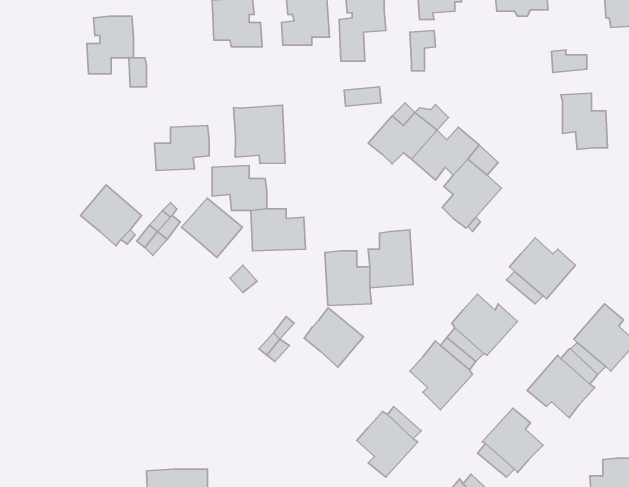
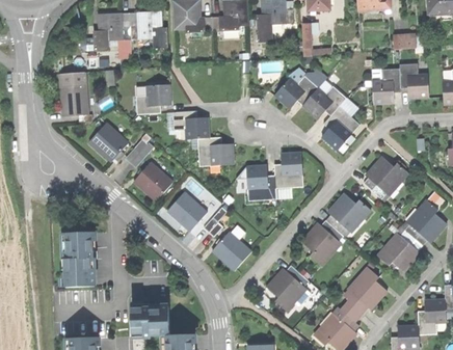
building: none -> [137,11,167,48]
building: none -> [372,68,401,104]
building: [234,105,285,164] -> none
building: none -> [60,84,85,114]
building: [181,198,242,258] -> [133,162,172,200]
building: none -> [167,191,207,231]
building: [304,308,364,367] -> [213,232,251,270]
building: none -> [65,231,97,285]

